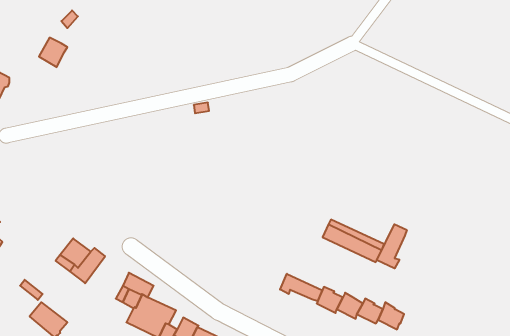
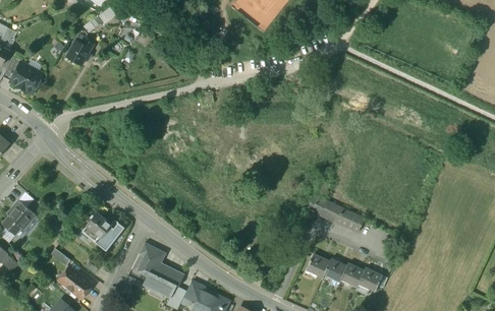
building: [377,224,407,268] -> none
building: [280,274,322,301] -> none

